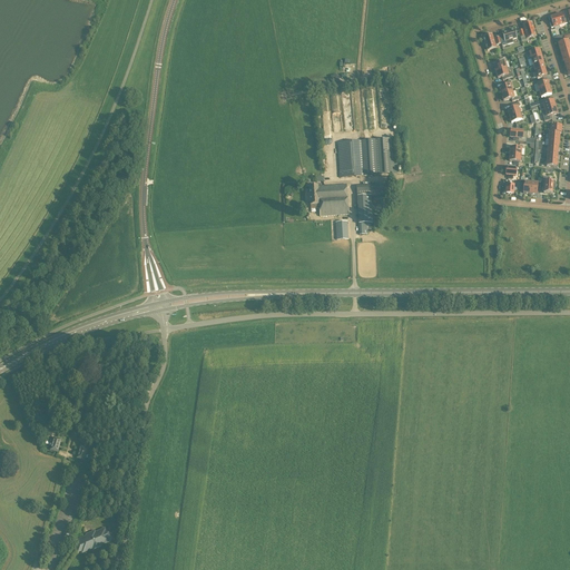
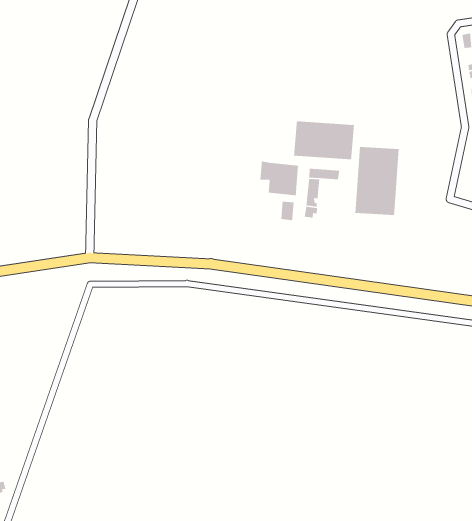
building: none -> [354,146,399,216]

